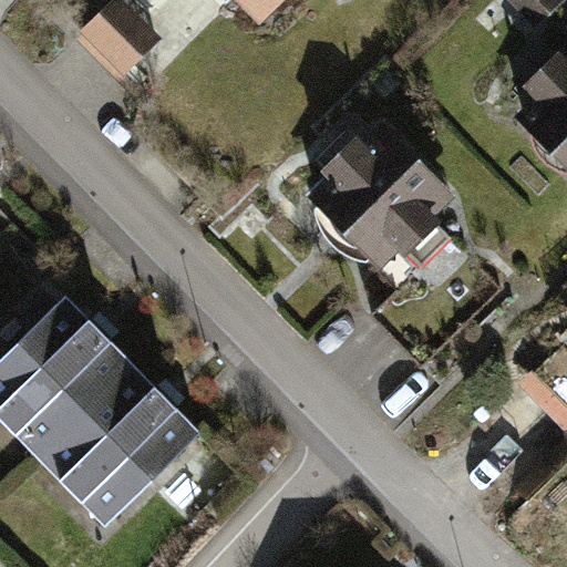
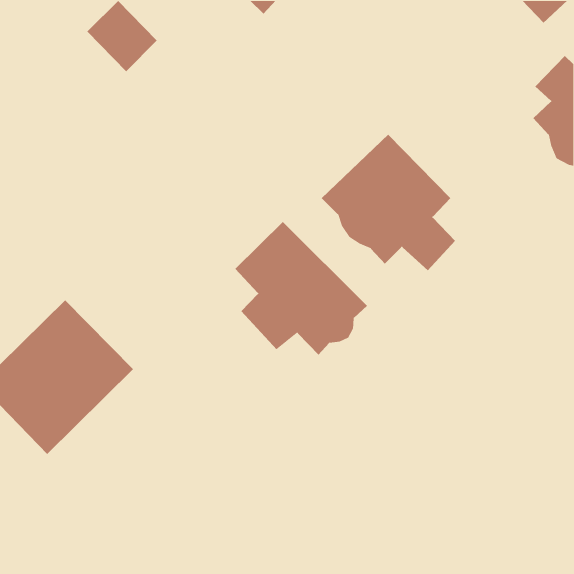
building: none -> [234,221,368,355]
building: [47,364,199,517] -> none

